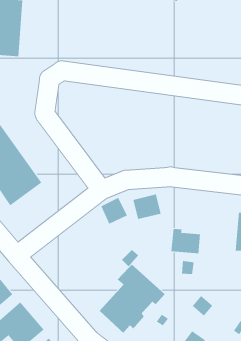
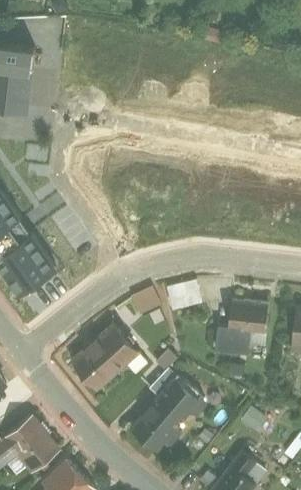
building: none -> [227,296,267,331]
building: none -> [65,321,137,391]

